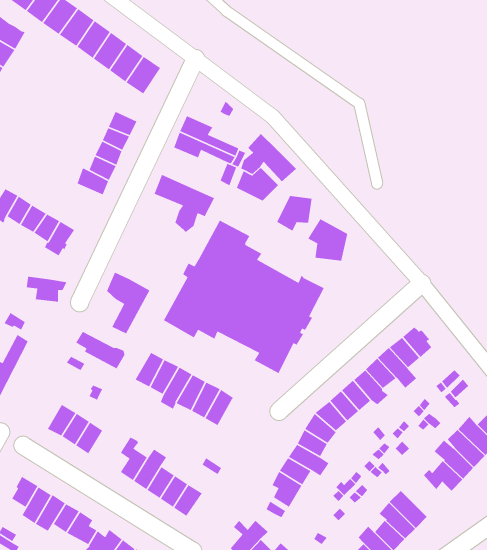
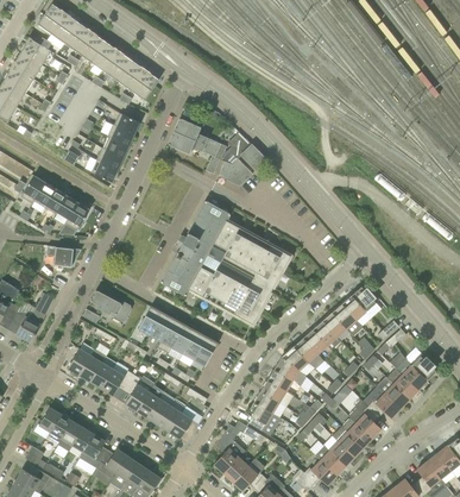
building: [154,174,215,233] -> none
building: [276,195,313,232] -> none
building: [307,218,348,261] -> none
building: [106,271,150,334] -> none
building: none -> [100,361,136,396]
building: none -> [347,398,380,439]

